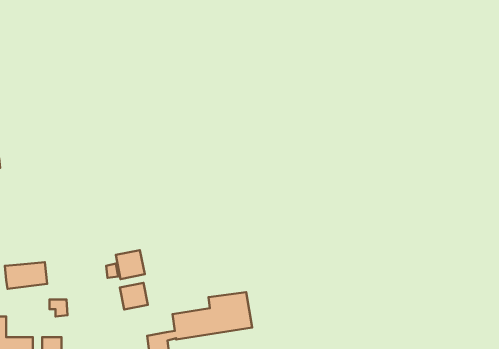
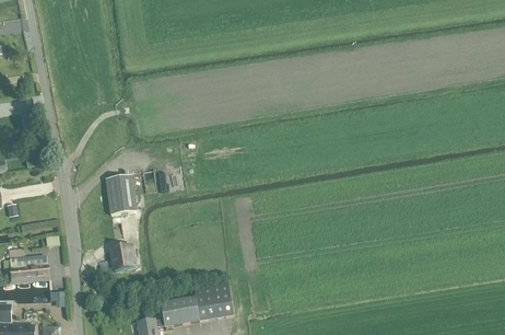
building: none -> [105,175,136,215]
building: [120,283,148,309] -> none

